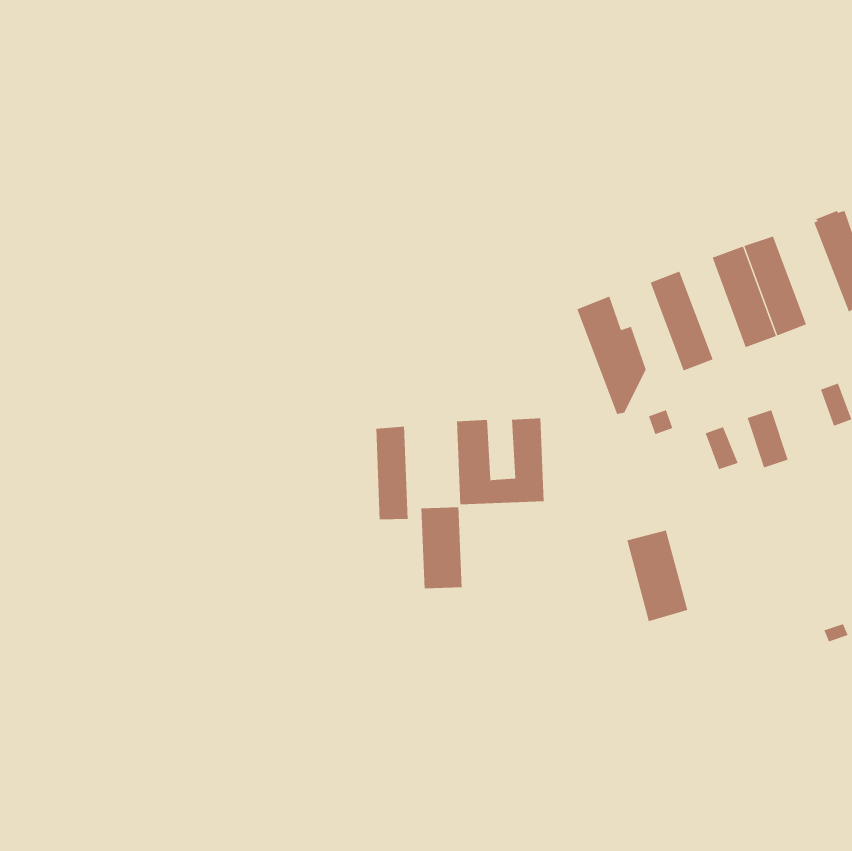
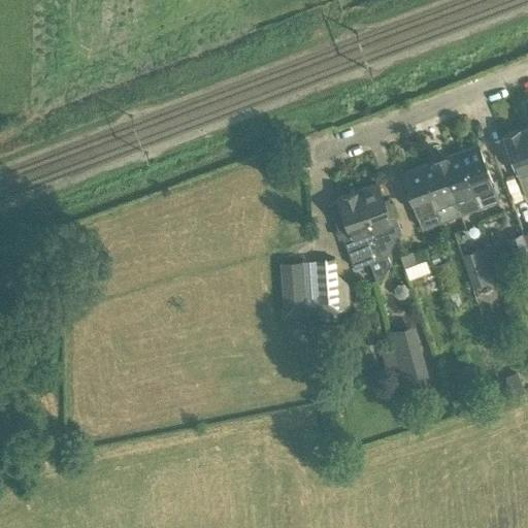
building: none -> [420,161,461,224]
building: none -> [328,193,390,282]
building: [376,426,408,520] -> none
building: [421,507,462,589] -> none

